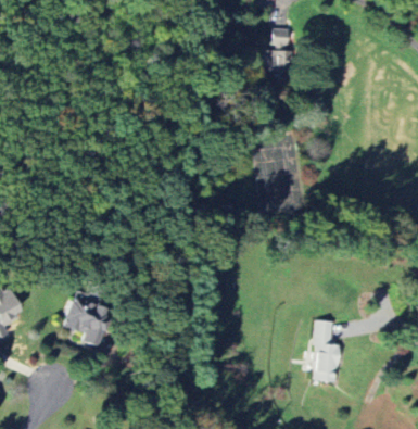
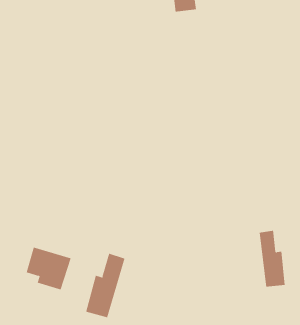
building: none -> [85,253,125,318]

